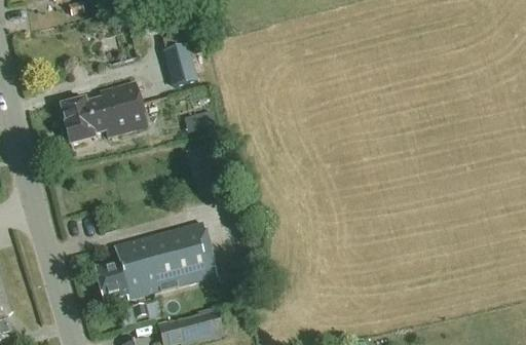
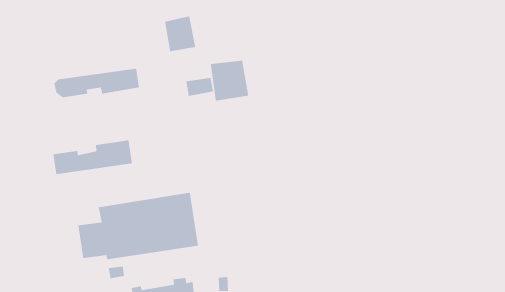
building: [61,80,141,122] -> [52,140,133,175]
building: none -> [210,60,249,102]

